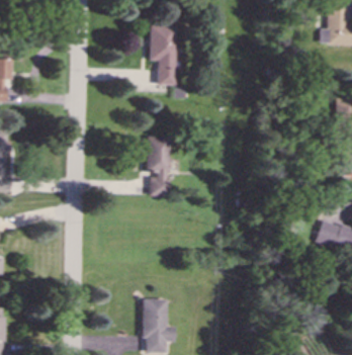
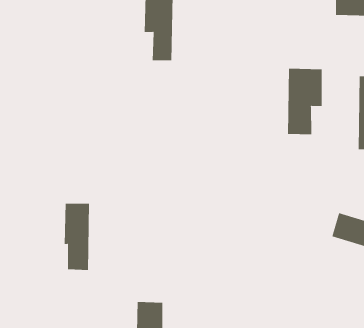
building: none -> [288,68,322,135]
building: [147,137,170,196] -> [64,203,90,271]

